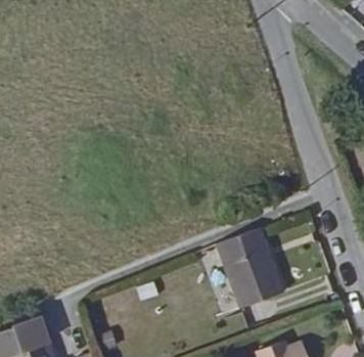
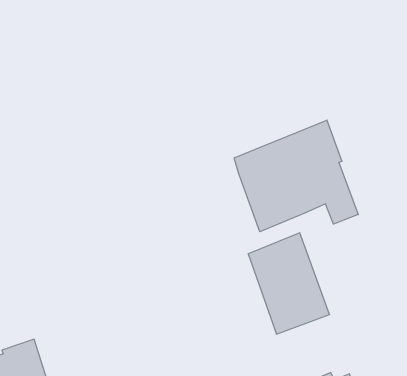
building: none -> [234,120,358,232]

